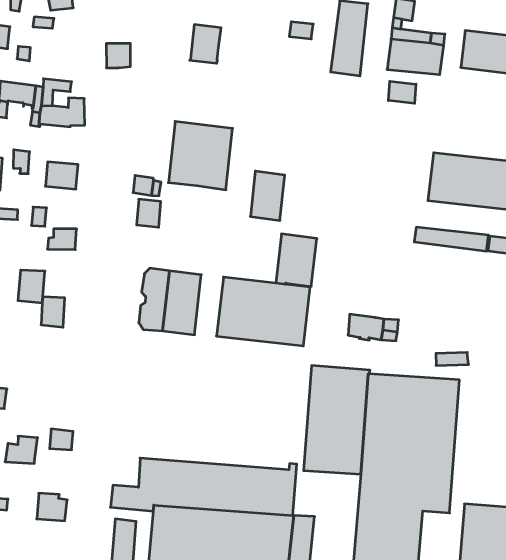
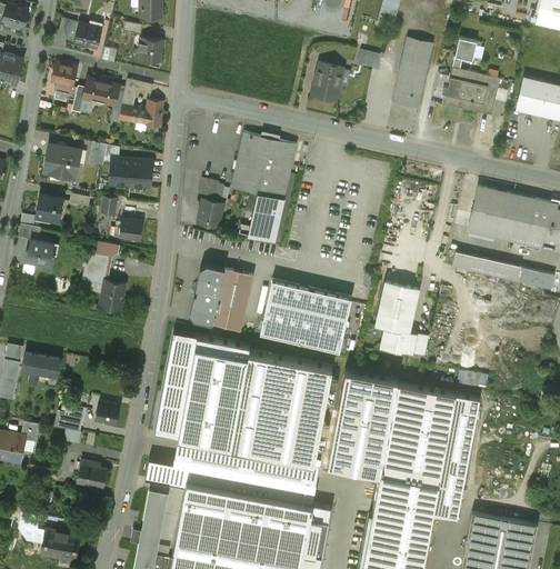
building: [190,25,221,63] -> [311,63,343,101]
building: [106,43,130,68] -> [138,38,162,61]
building: [388,81,416,103] -> none
building: [250,171,285,220] -> [248,193,283,241]
building: [276,234,317,286] -> [376,281,418,332]
building: none -> [154,332,331,463]

